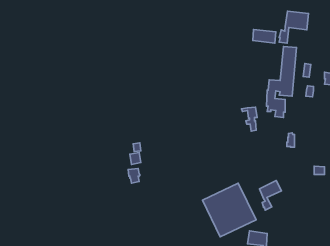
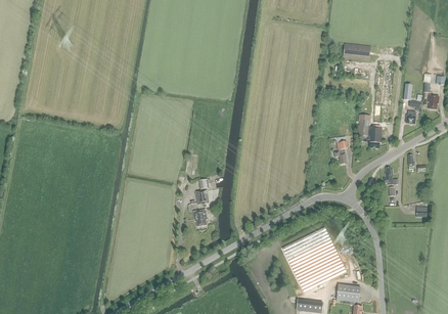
building: [279,11,309,43] -> none
building: [260,180,281,210] -> none

